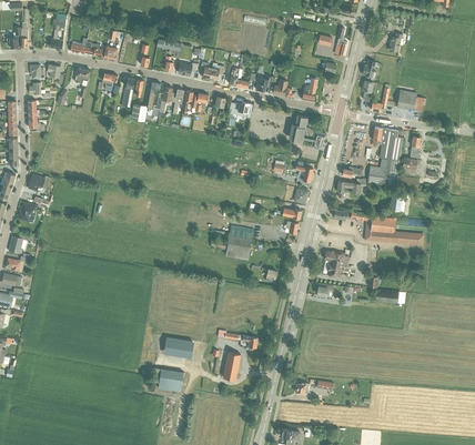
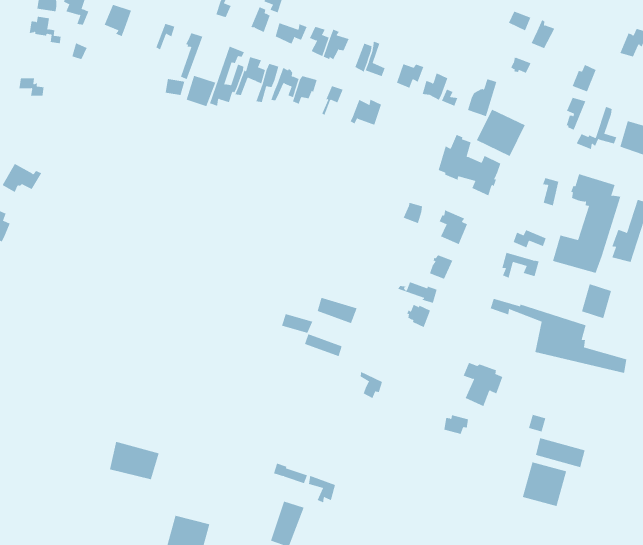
building: none -> [476,109,525,157]
building: none -> [522,462,567,507]
building: [166,338,195,358] -> [109,441,159,480]

